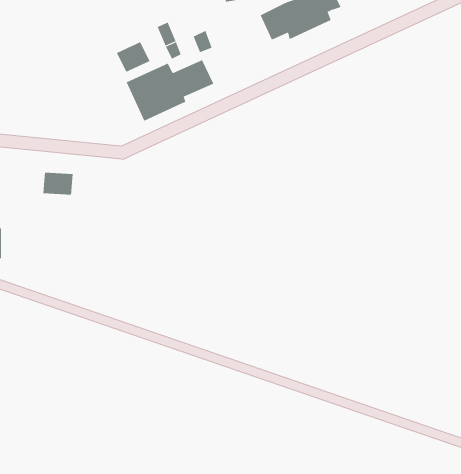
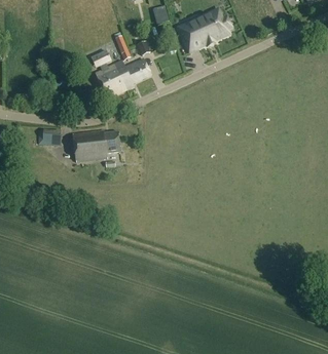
building: none -> [72,129,120,161]

